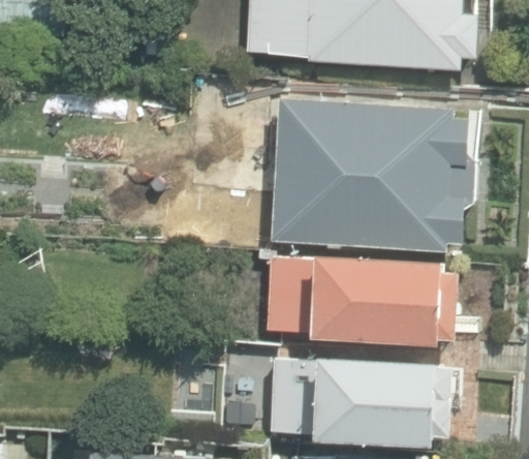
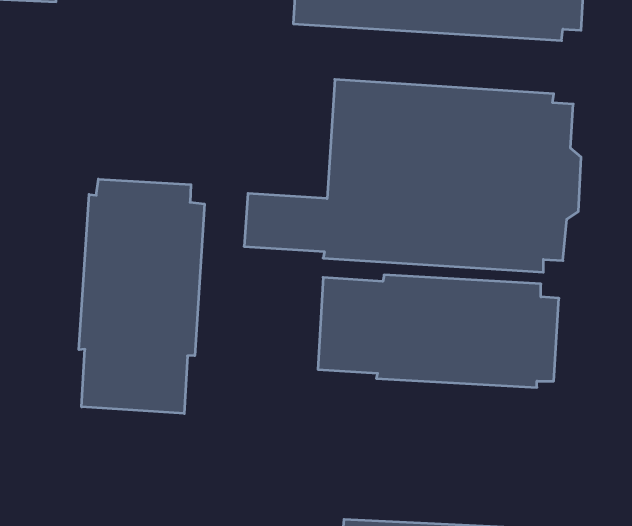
building: none -> [79,179,204,414]
building: [270,358,450,446] -> none

